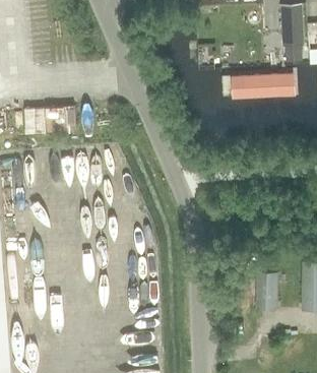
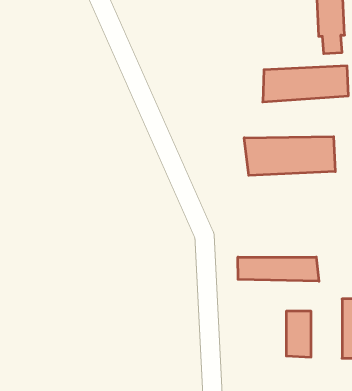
building: none -> [244,137,335,175]
building: none -> [238,257,319,281]

